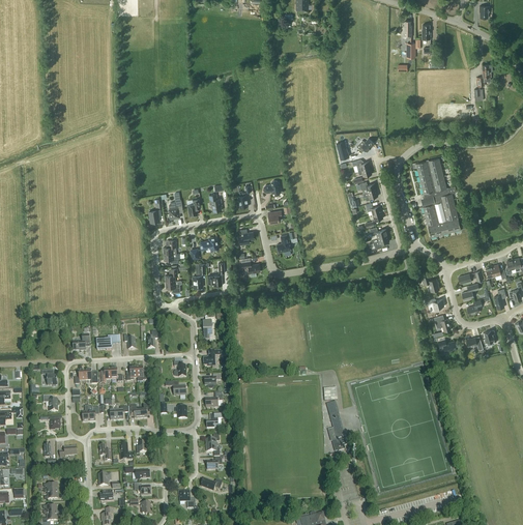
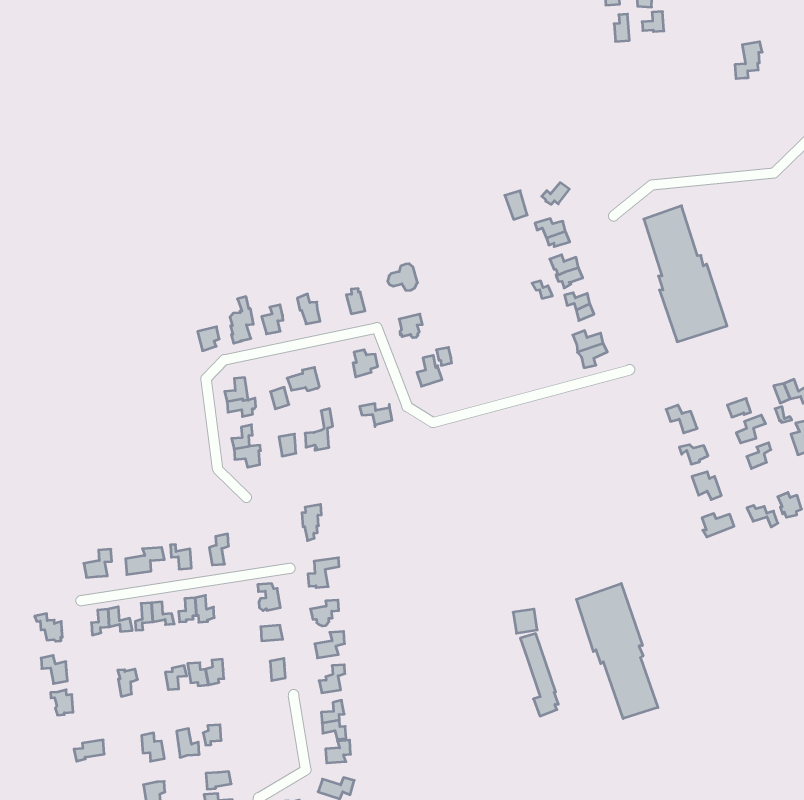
building: none -> [576,583,658,719]

